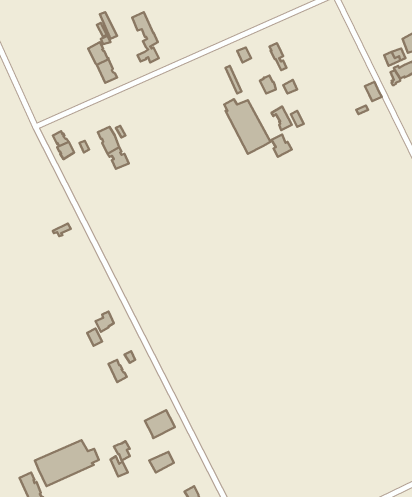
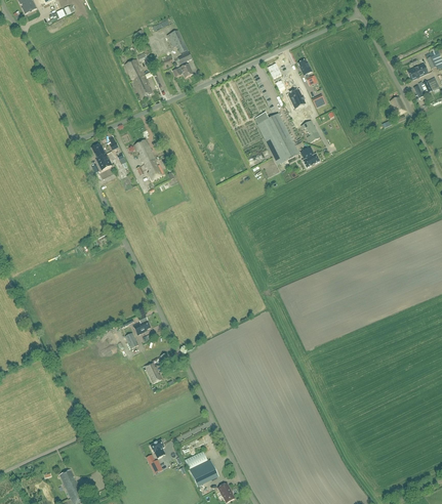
building: [145,410,175,438] -> [190,460,218,487]
building: [35,440,99,486] -> none

